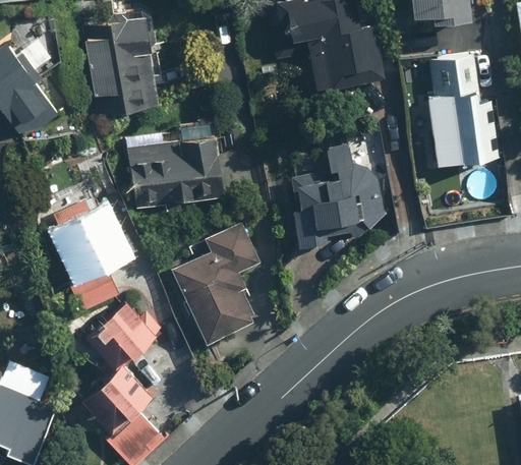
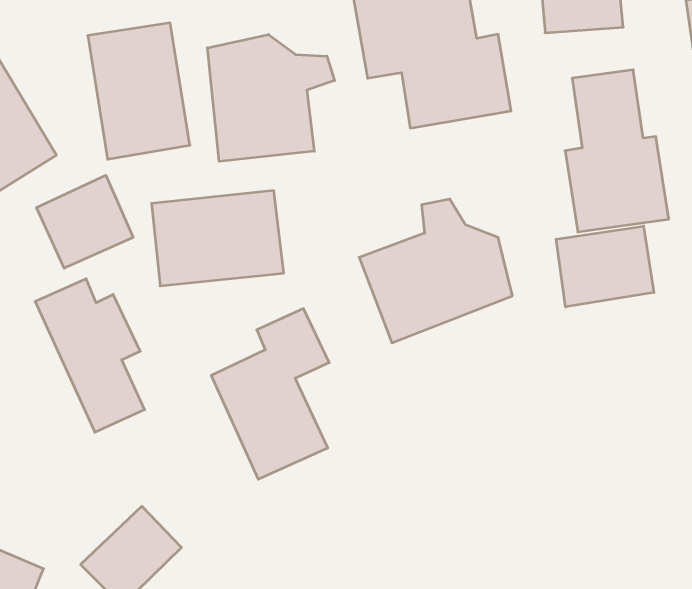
building: none -> [207,34,335,161]
building: none -> [37,175,133,268]
building: none -> [556,226,654,307]
building: [86,300,164,367] -> none

